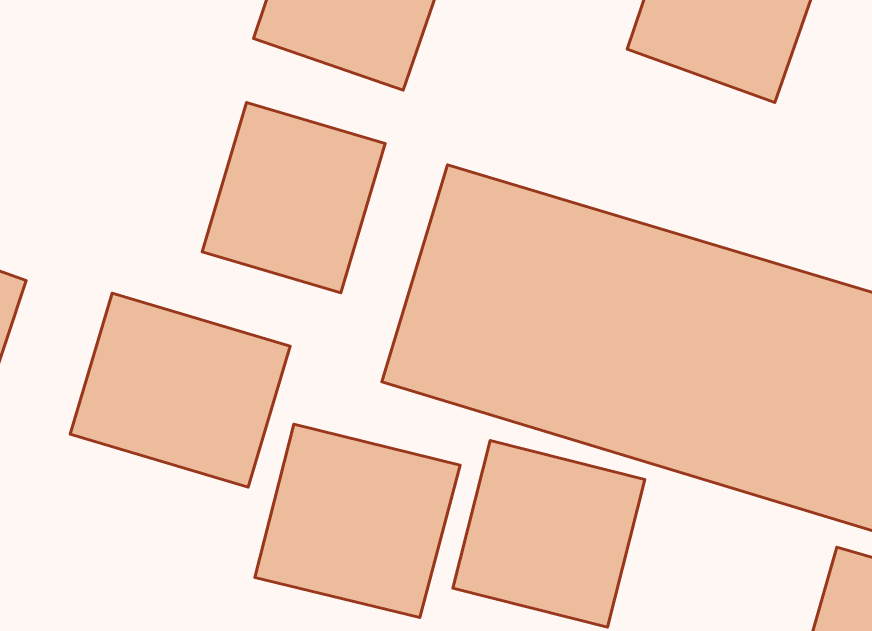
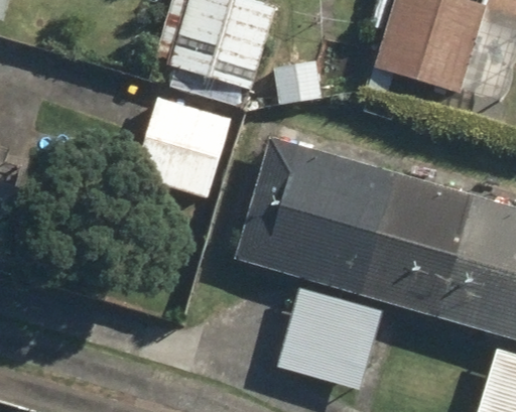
building: [70,293,290,487] -> none
building: [255,424,460,618] -> none

